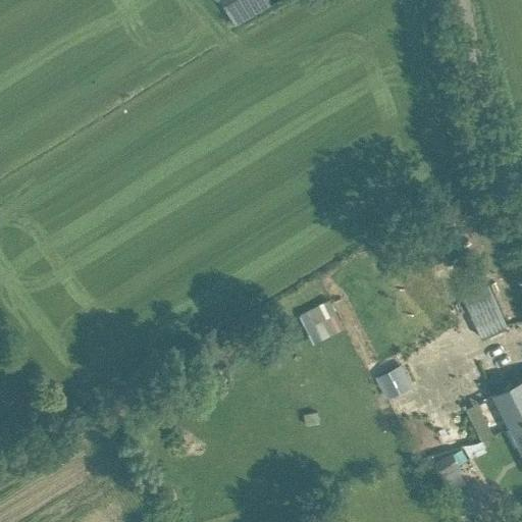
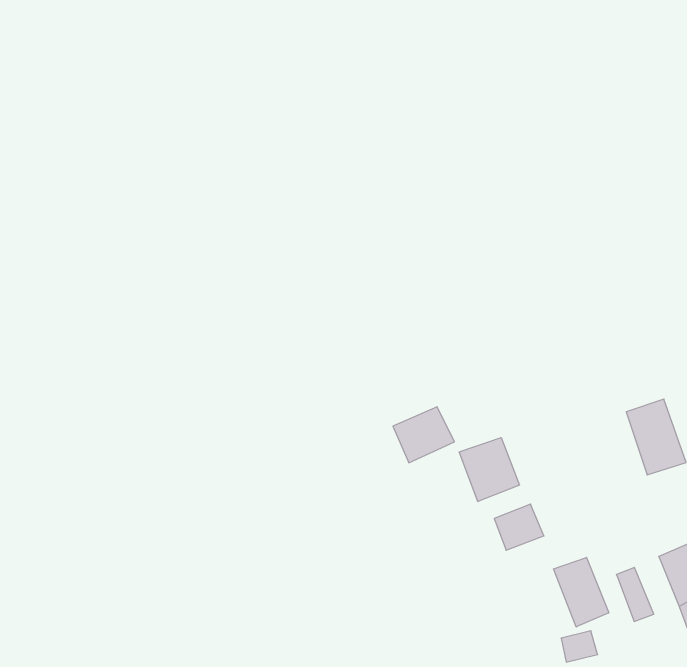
building: none -> [459,438,520,502]
building: none -> [553,557,609,627]

